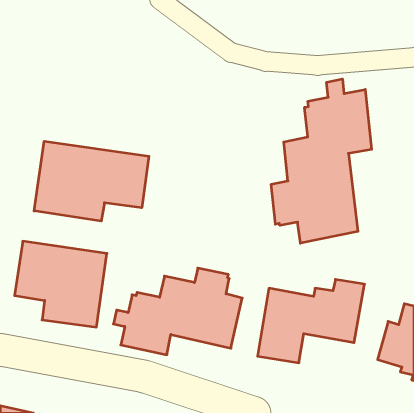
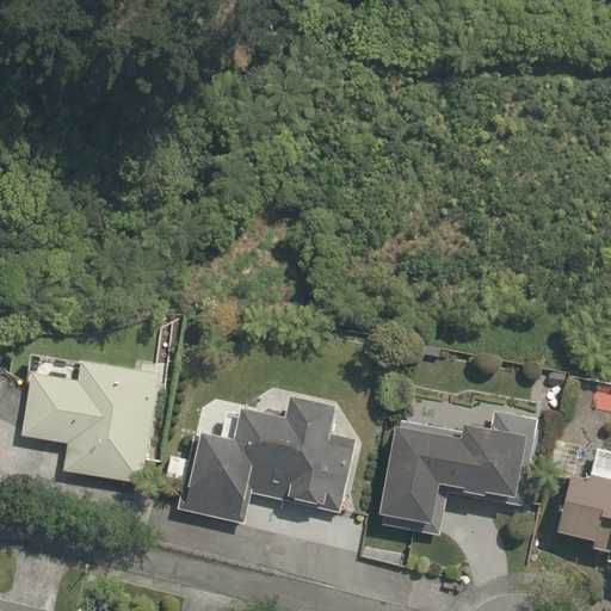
building: [271,79,372,243] -> none
building: [34,141,149,221] -> none

